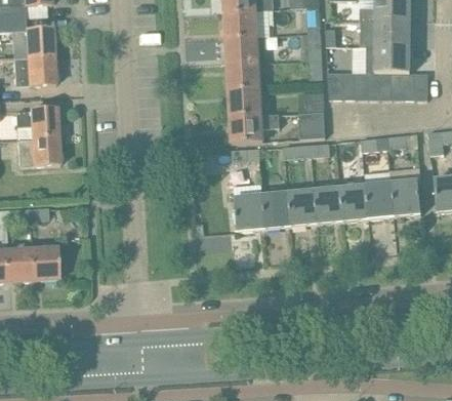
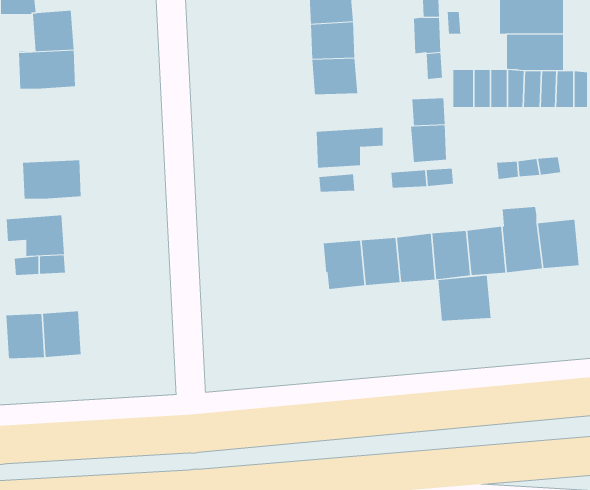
building: [229,88,261,116] -> none
building: [15,108,58,138] -> [6,215,65,257]
building: none -> [438,275,491,322]

